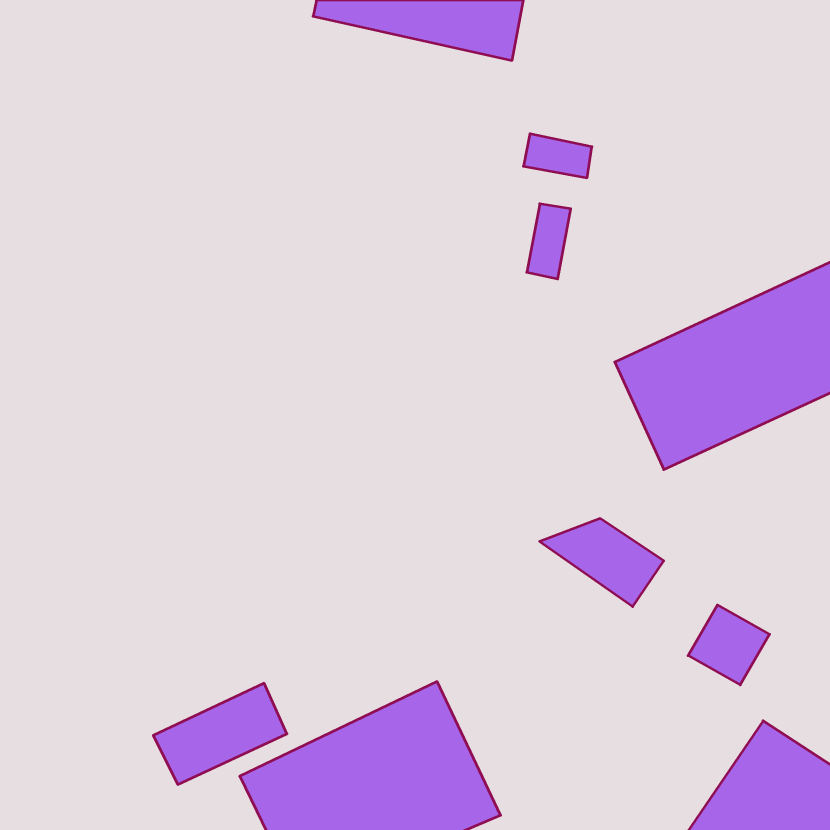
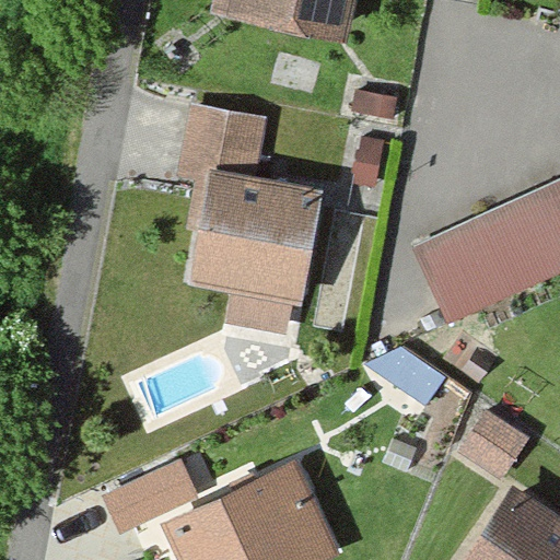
building: none -> [179,104,320,302]

